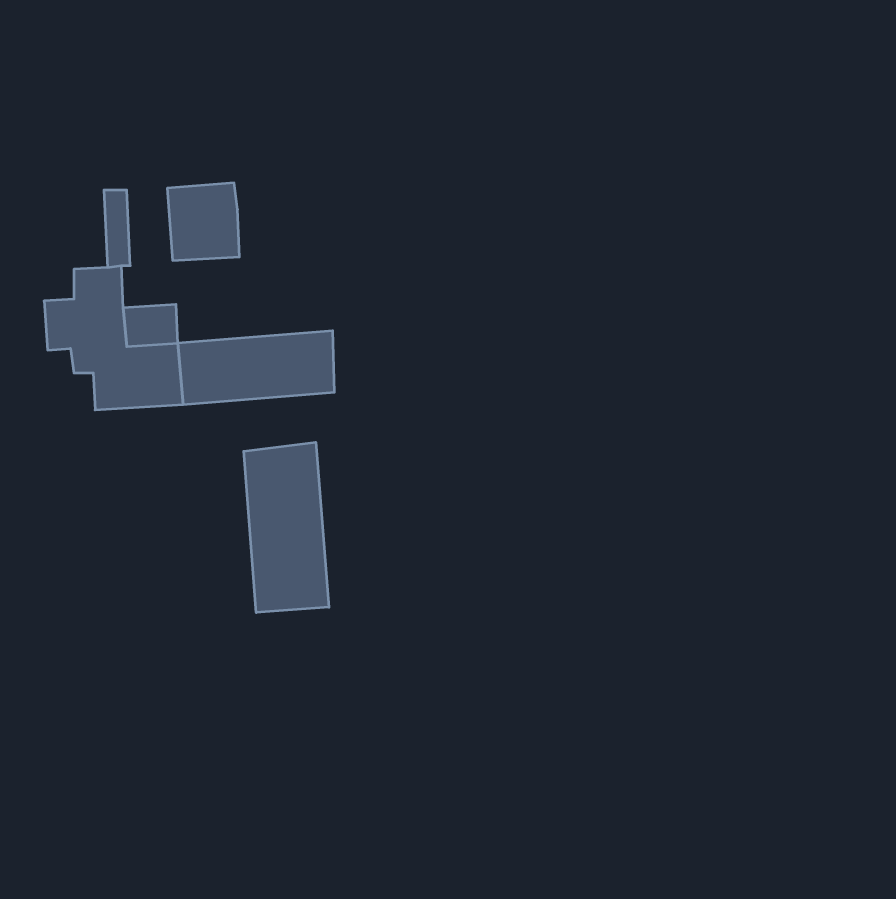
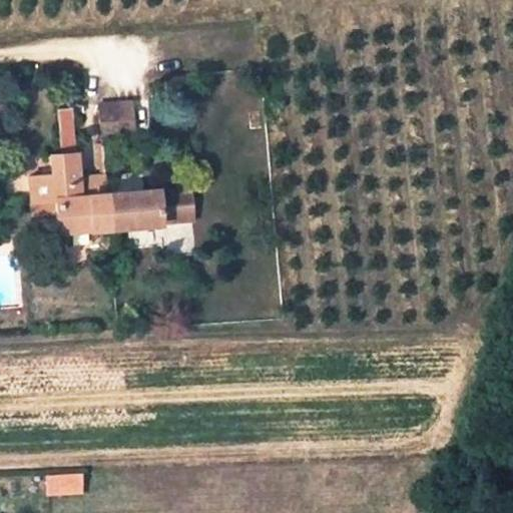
building: [244,442,329,613] -> none
building: none -> [46,473,86,497]

